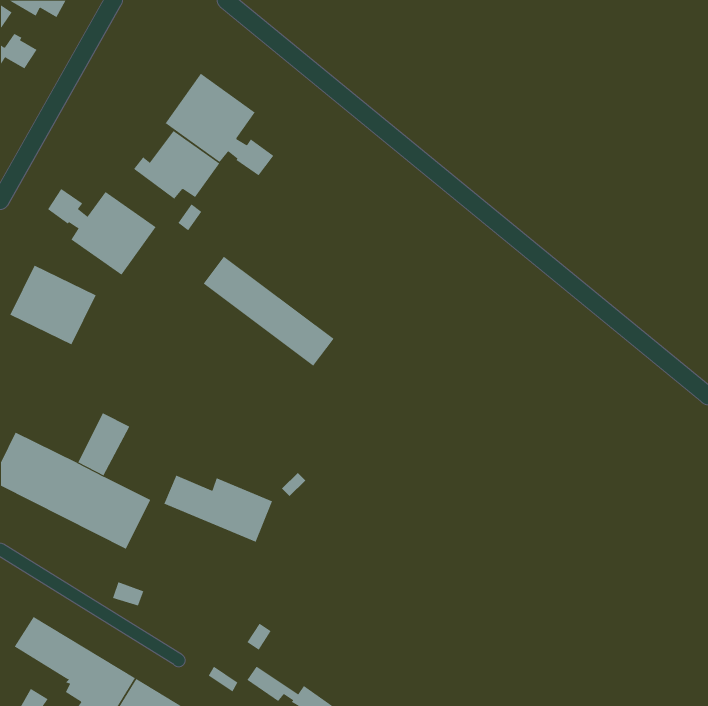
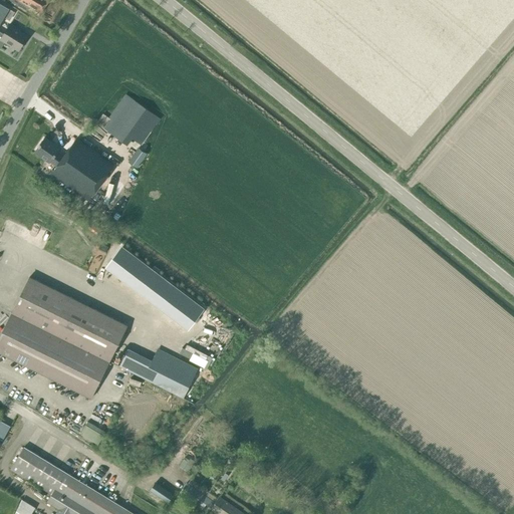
building: [165,73,274,176] -> none
building: [203,256,334,367] -> [106,250,202,330]
building: [9,265,97,345] -> [11,278,74,336]
building: none -> [75,310,127,363]

